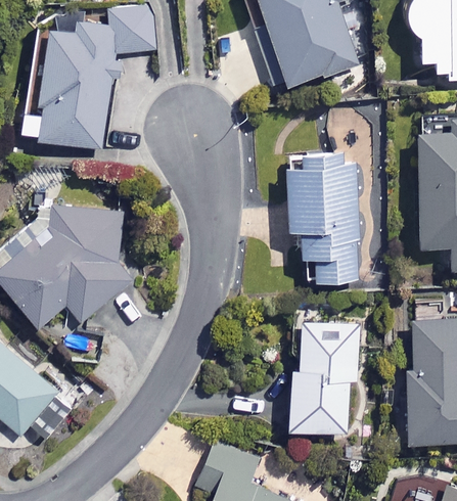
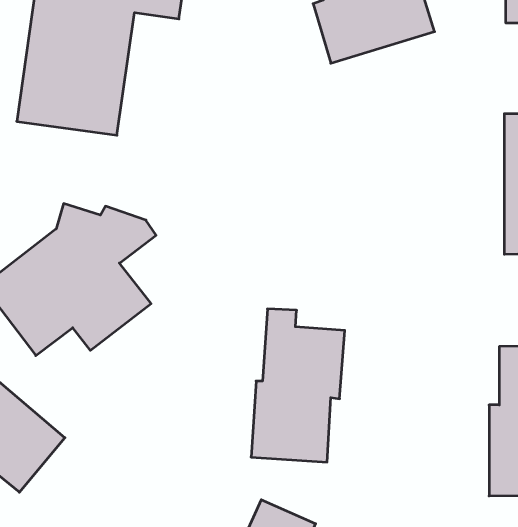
building: [286,165,361,279] -> none
building: [286,307,362,430] -> [251,309,345,462]

